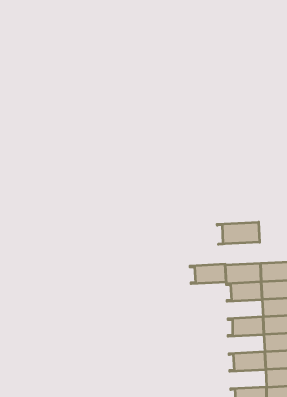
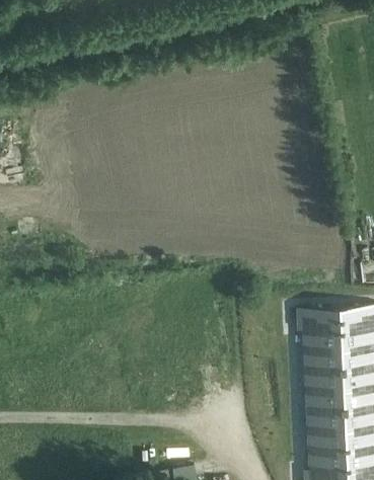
building: [217,222,260,244] -> none
building: [190,264,226,284] -> [299,349,341,372]
building: none -> [300,390,343,412]
building: none -> [302,430,345,453]

